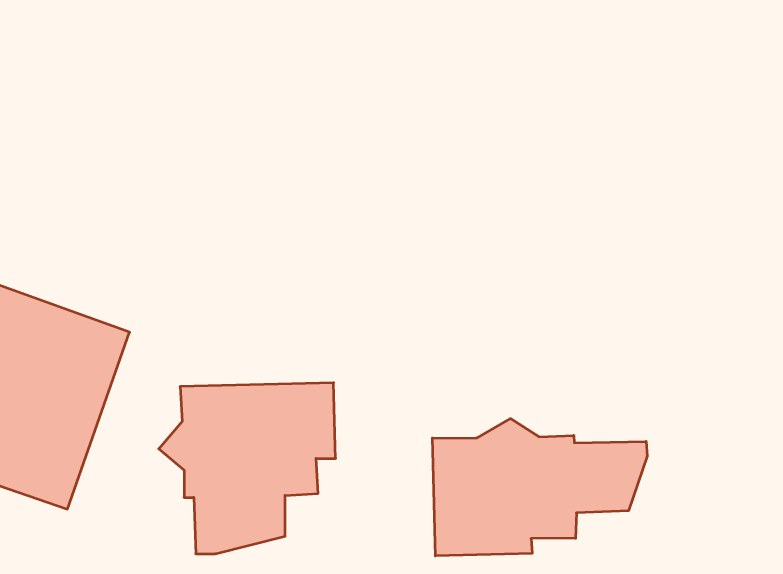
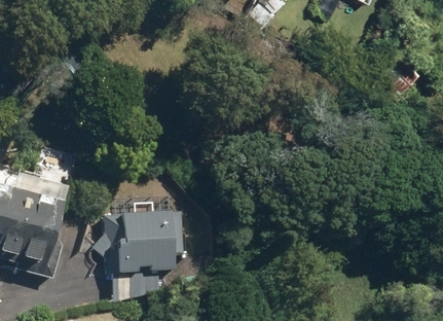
building: [432,419,647,556] -> none

